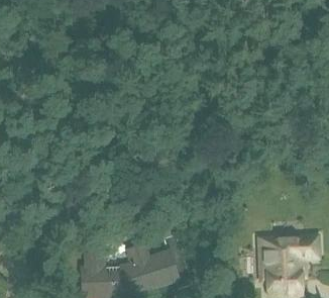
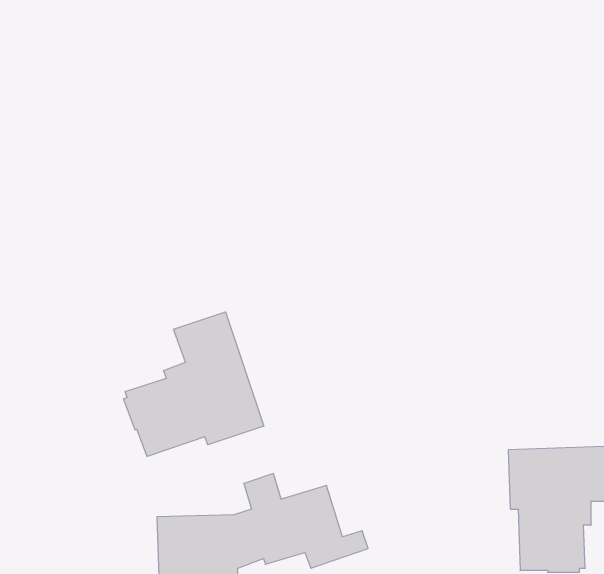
building: none -> [124,312,264,456]

